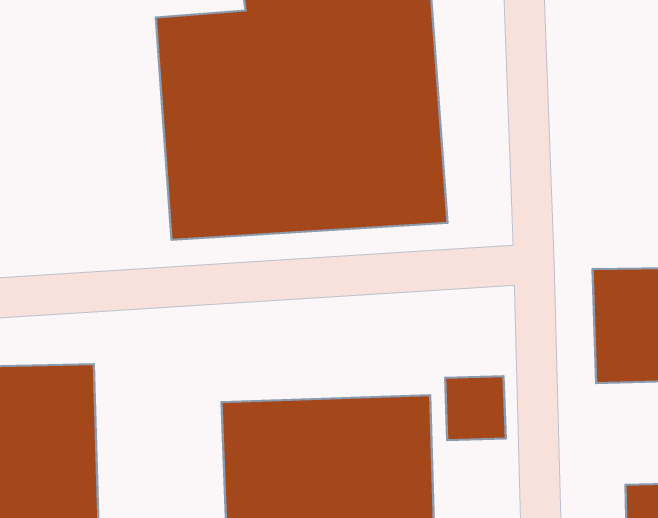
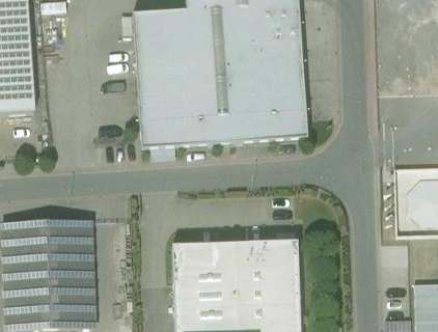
building: [445,376,506,440] -> none

